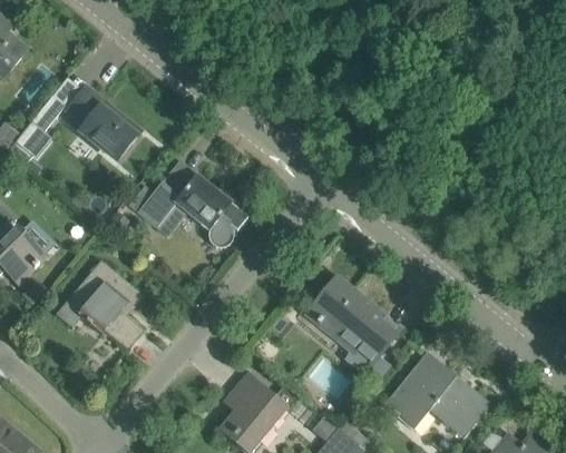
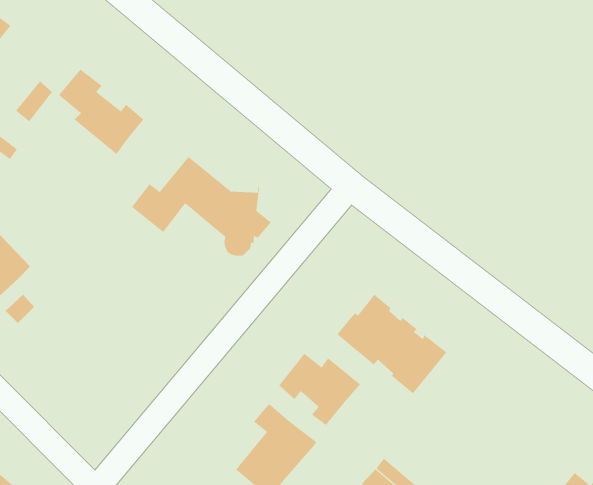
building: [61,259,145,349] -> none
building: none -> [279,353,361,426]
building: [383,351,491,437] -> none

